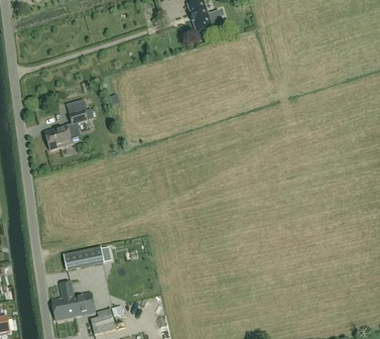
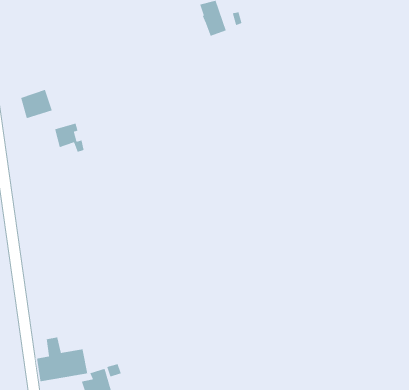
building: [45,125,73,150] -> [20,89,53,119]
building: [64,245,105,270] -> none

